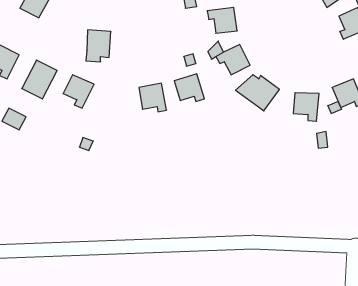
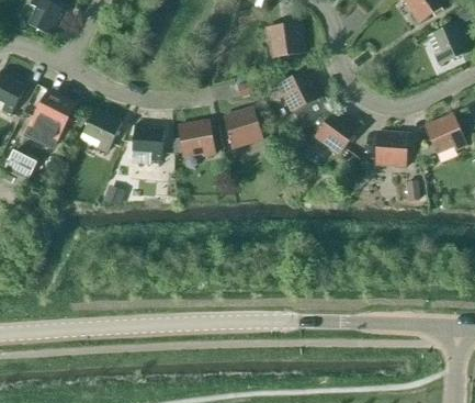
building: [86,30,111,62] -> [132,124,163,165]

